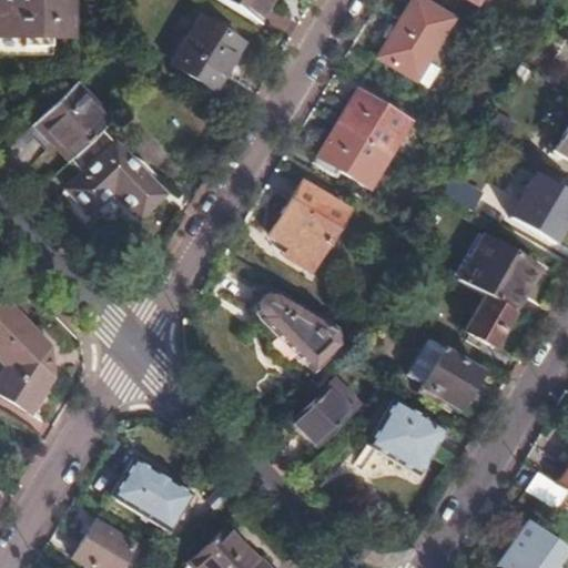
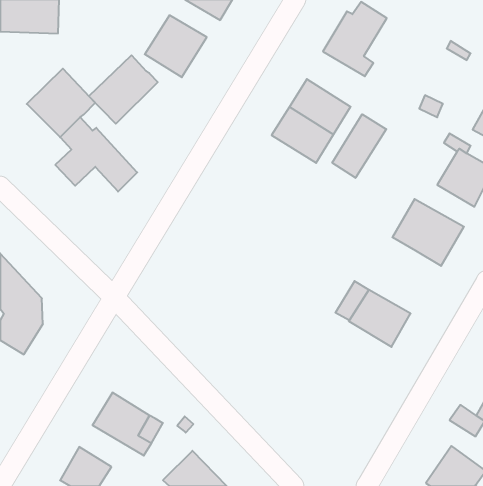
building: none -> [89,55,158,124]
building: none -> [332,114,386,178]
building: [271,183,347,263] -> none
building: [468,292,518,344] -> none
building: [257,295,335,371] -> none
building: [294,377,362,444] -> none
building: [365,402,447,483] -> none

